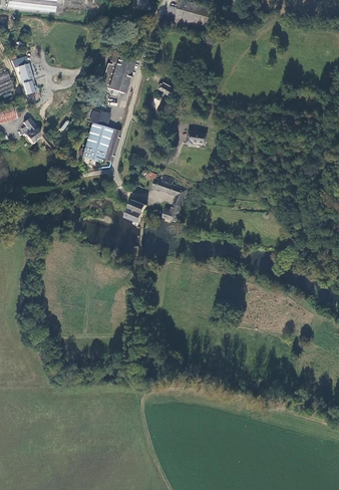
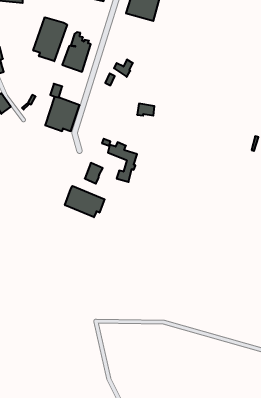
building: none -> [33,17,67,61]
building: none -> [65,186,105,217]

